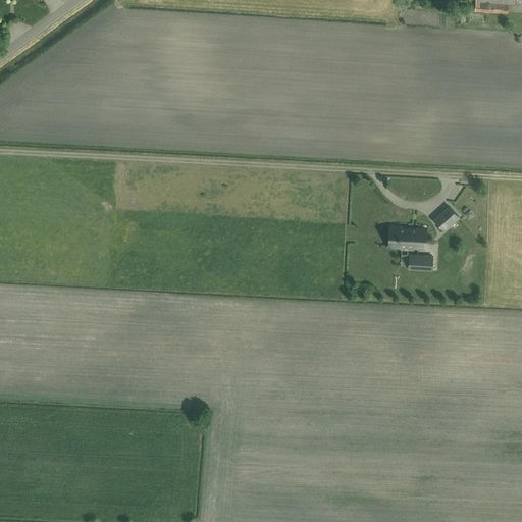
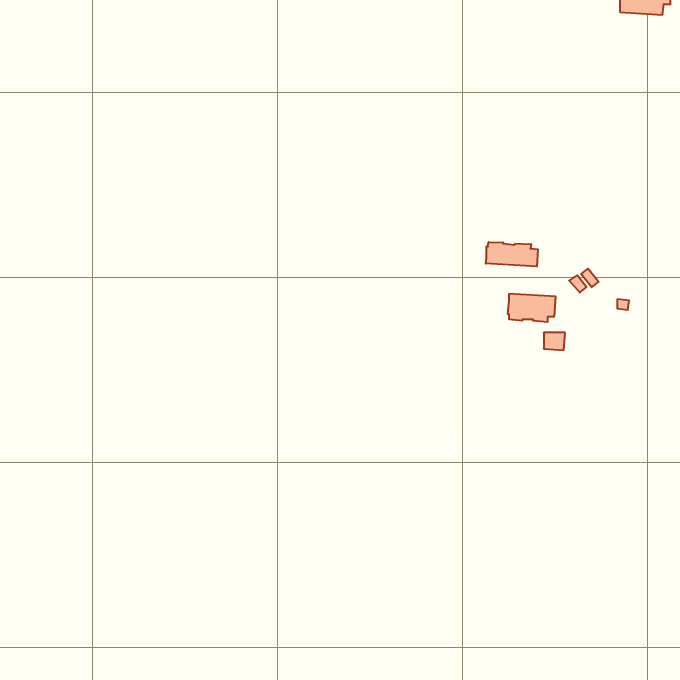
building: none -> [486,242,538,266]

